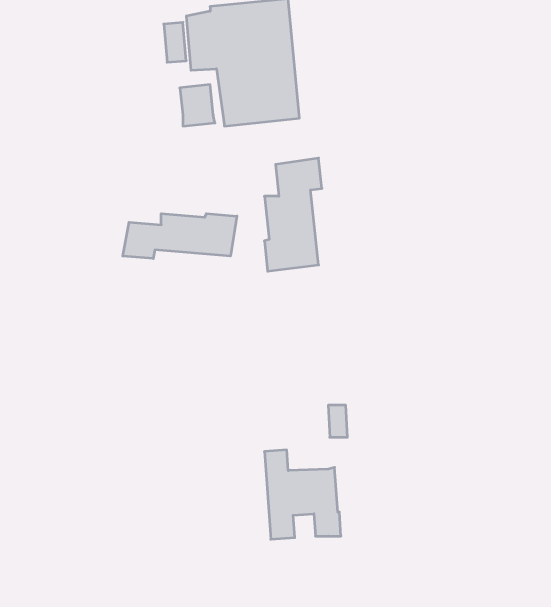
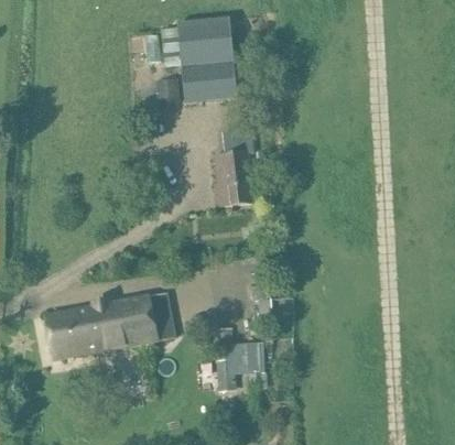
building: [123,214,237,259] -> none
building: none -> [44,291,175,358]

